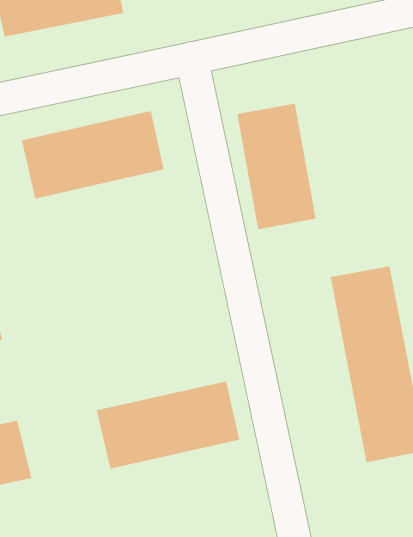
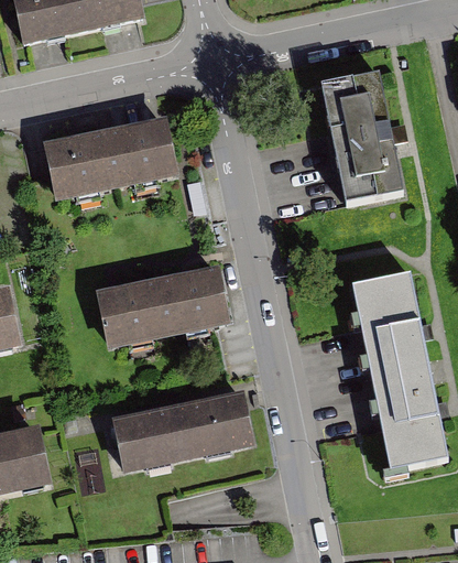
building: [237,103,316,230] -> [321,74,402,202]
building: none -> [90,262,235,350]

